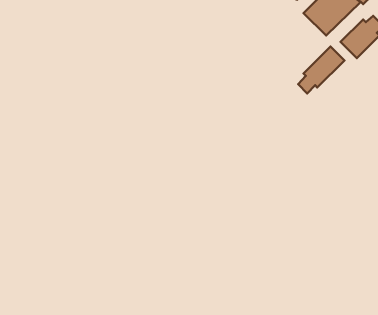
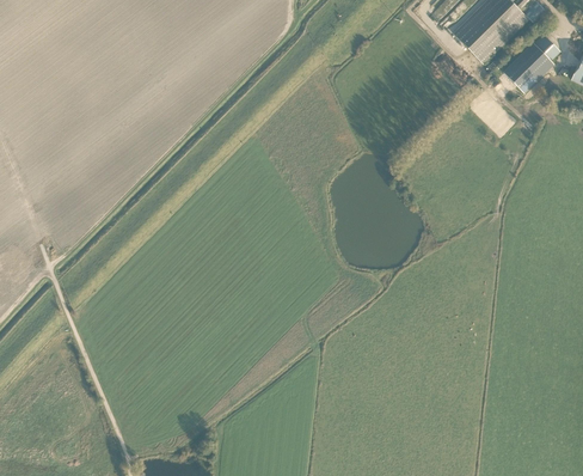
building: [298,46,344,94] -> none

